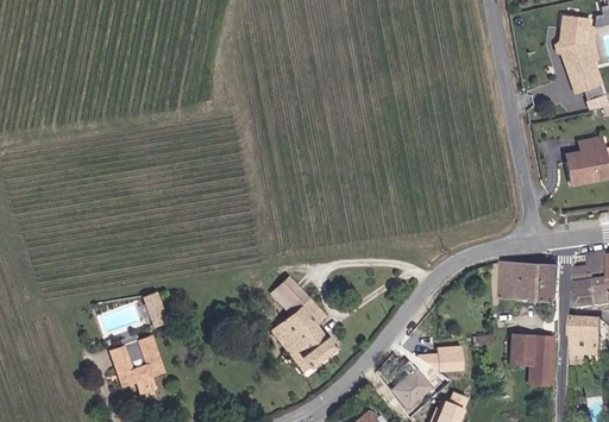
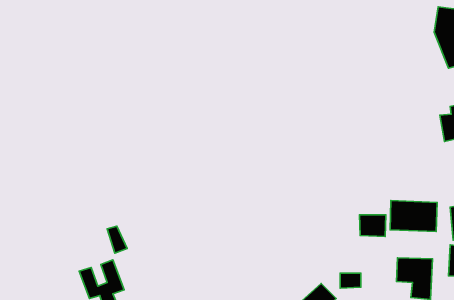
building: [270,275,337,372] -> none
building: none -> [359,215,386,237]

